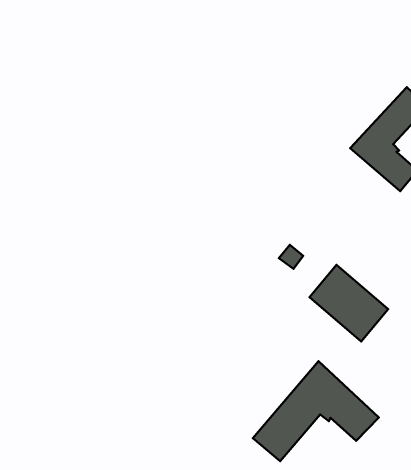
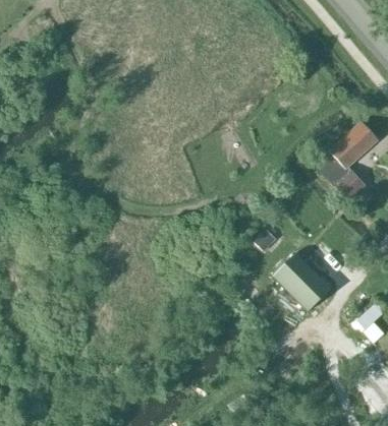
building: [253,361,379,461] -> none

